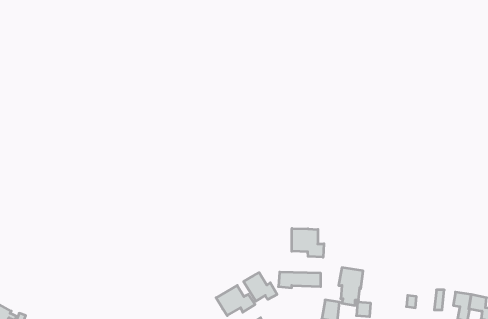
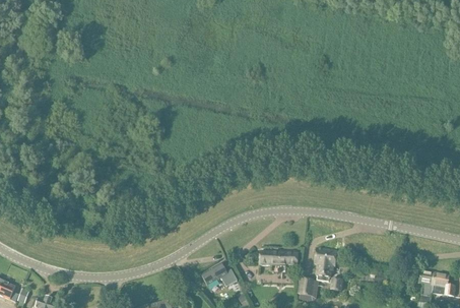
building: [292,228,324,257] -> none
building: [244,273,277,301] -> none

